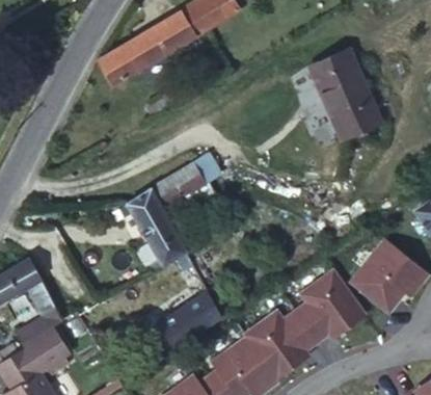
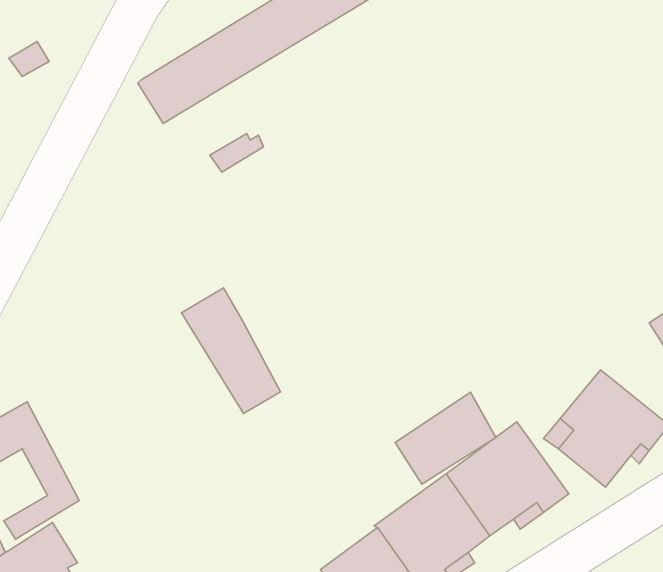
building: [308,49,381,139] -> none
building: [151,154,218,208] -> none
building: [161,290,223,347] -> [395,392,496,484]

